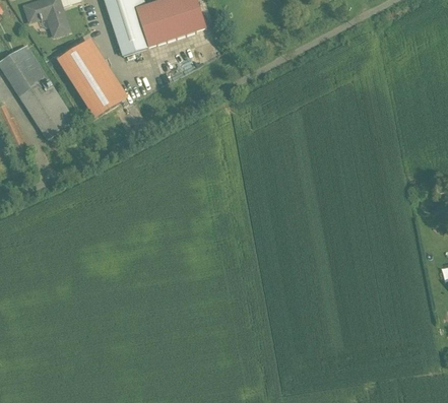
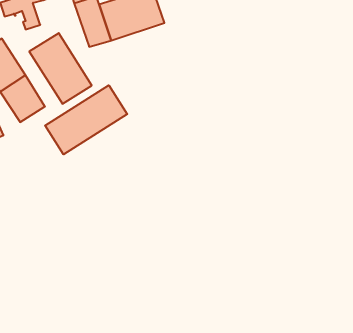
building: none -> [45,85,127,154]

